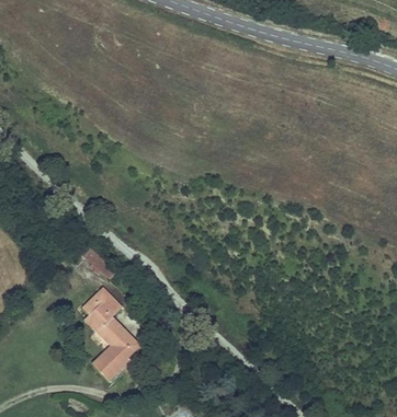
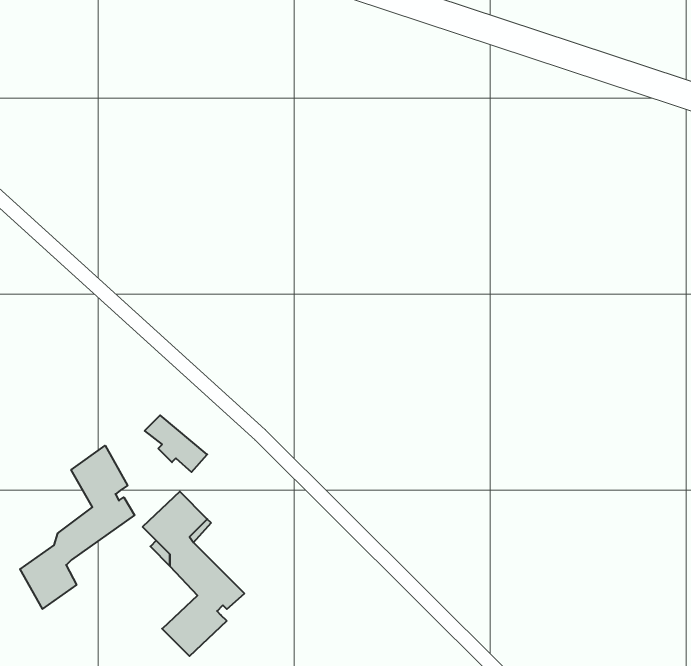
building: none -> [20,446,135,609]

